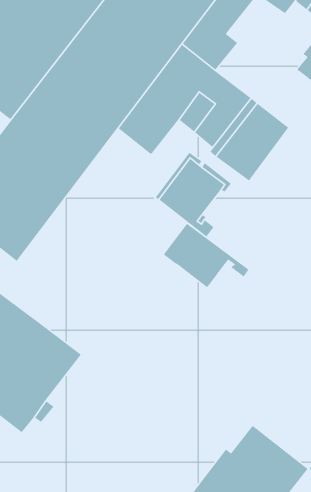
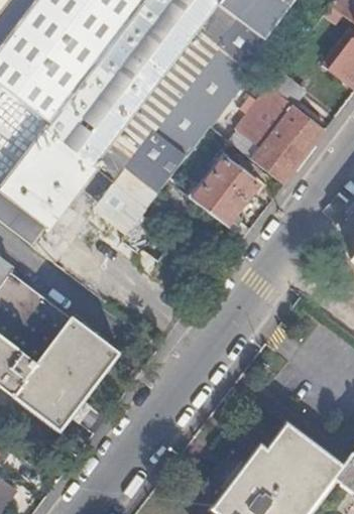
building: none -> [53,129,185,262]
building: [163,223,249,288] -> none

